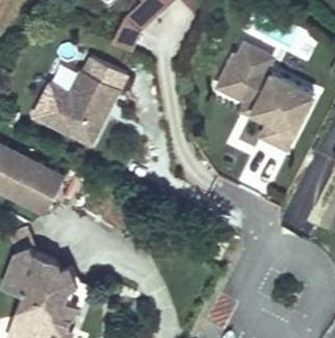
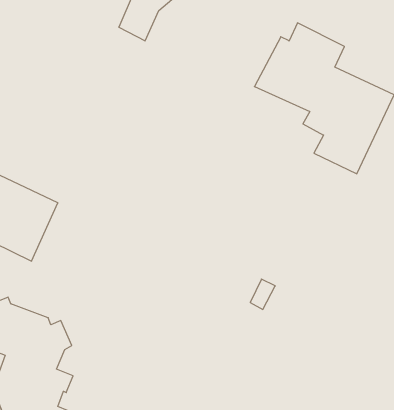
building: [27,57,126,150] -> none

